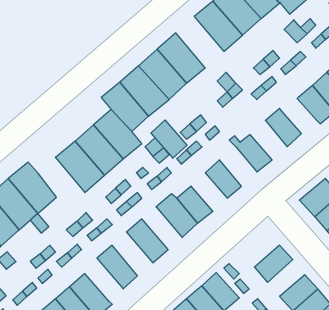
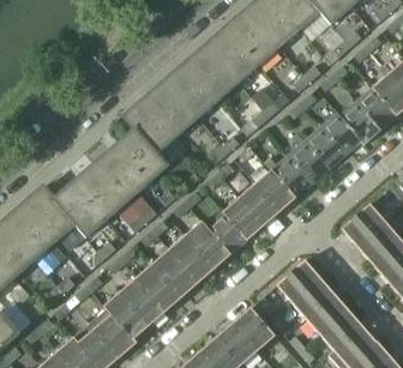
building: none -> [206,26,259,83]
building: none -> [320,111,361,155]
building: none -> [288,133,329,183]
building: [151,120,187,158] -> [223,198,263,240]
building: none -> [254,169,295,212]
building: none -> [55,181,107,236]
building: none -> [169,235,213,282]
building: none -> [277,260,320,301]
building: none -> [137,263,181,310]
building: none -> [104,291,149,338]
building: none -> [307,292,348,333]

